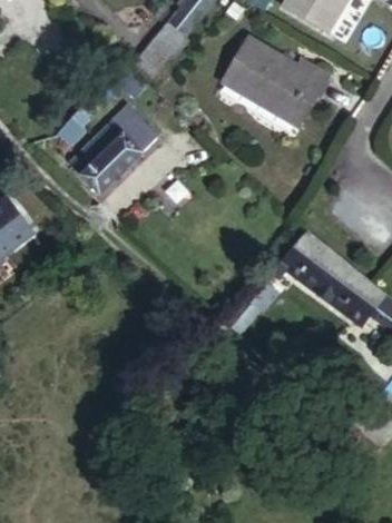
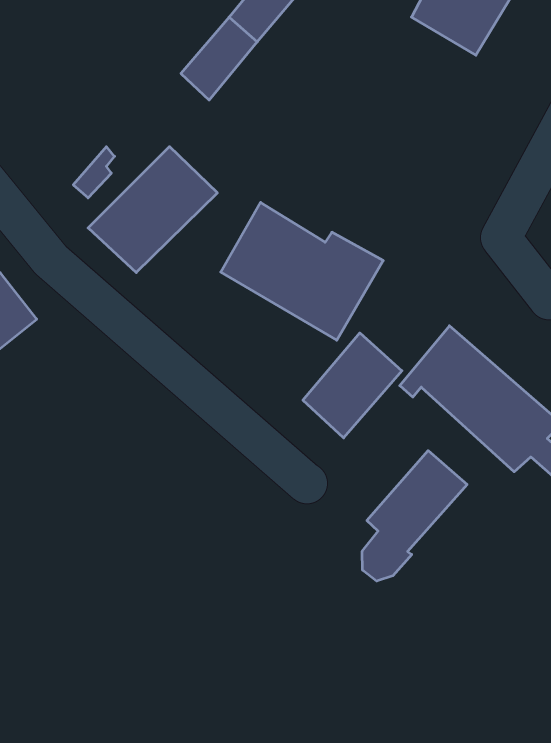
building: [219,47,329,139] -> [221,202,383,340]
building: none -> [303,333,402,438]
building: none -> [362,451,467,581]

